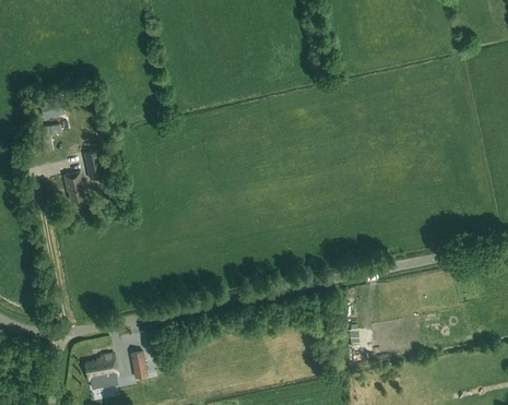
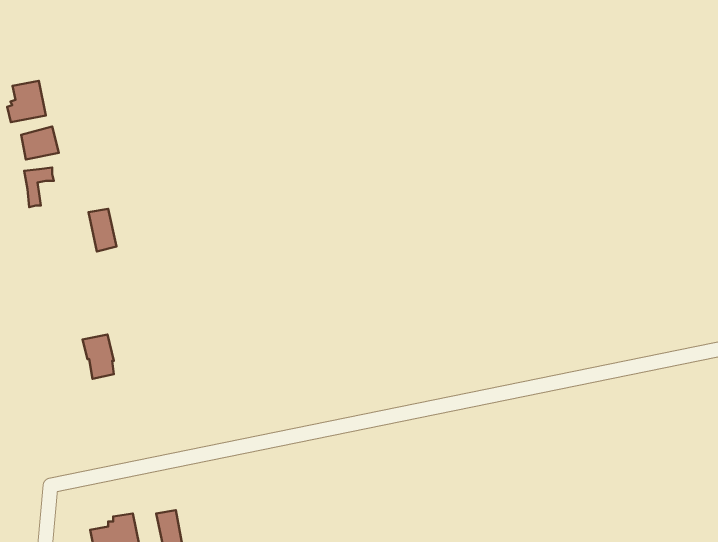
building: none -> [7,81,46,122]
building: [63,172,84,202] -> [83,335,114,379]

